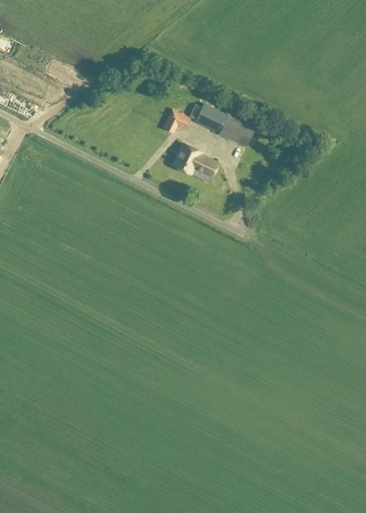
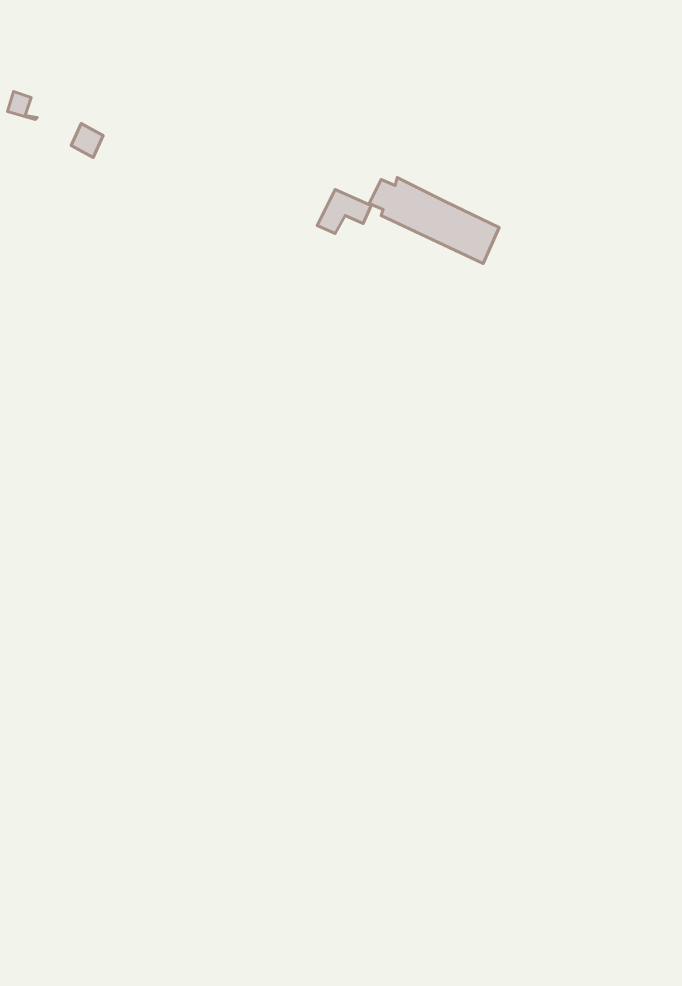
building: [173,144,217,175] -> none

